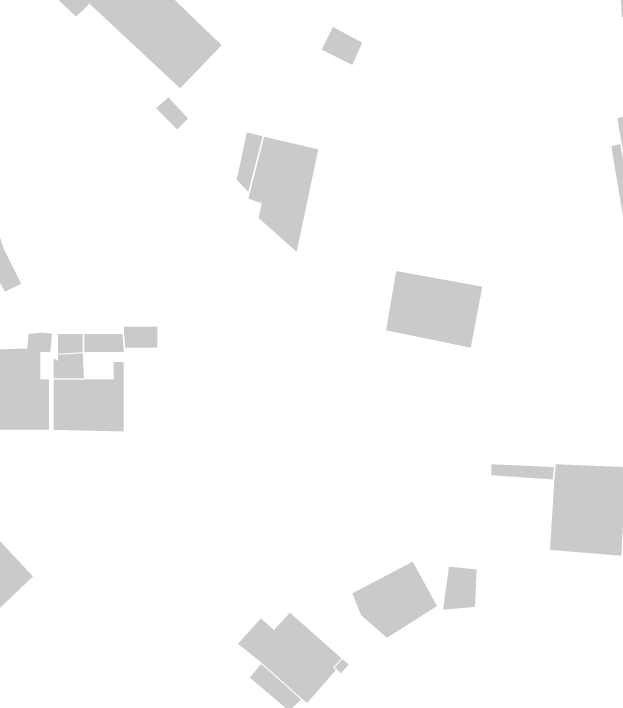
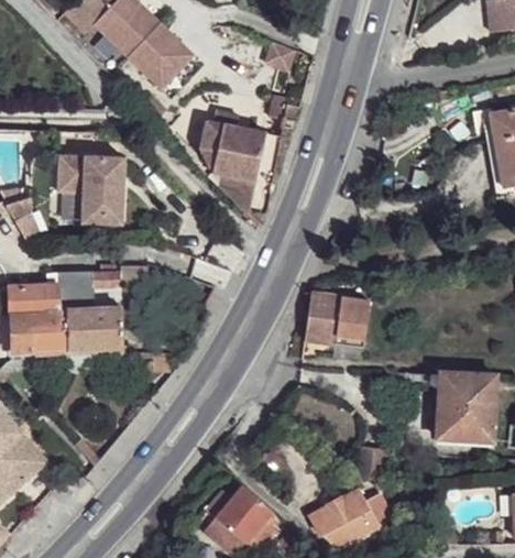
building: none -> [53,152,119,219]
building: [385,270,483,348] -> [303,291,376,349]
building: [352,561,438,638] -> [313,490,377,548]

